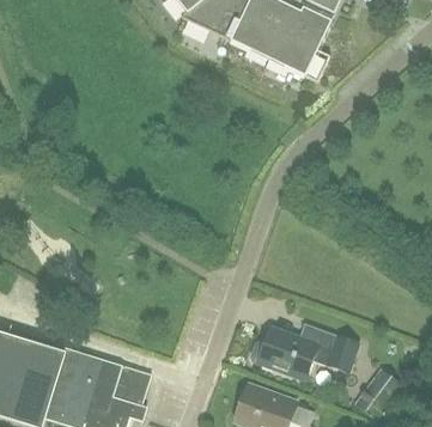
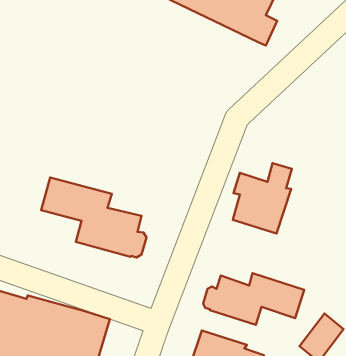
building: none -> [233,163,292,234]
building: none -> [41,177,146,257]

